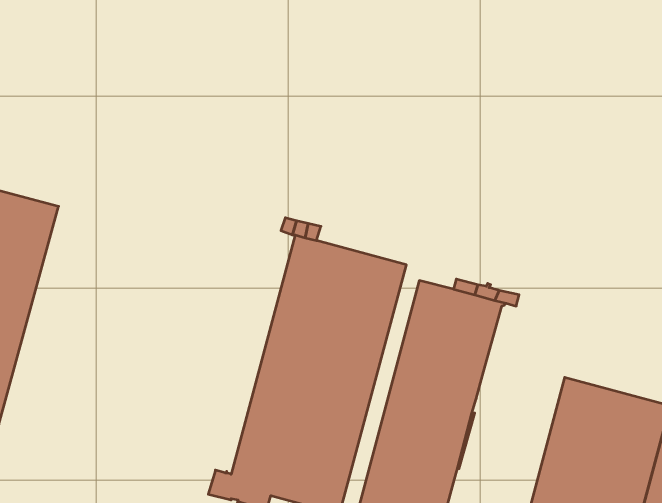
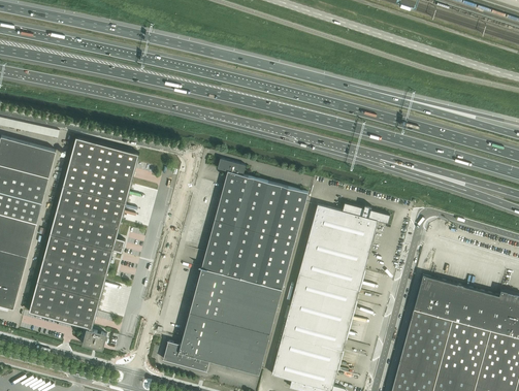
building: none -> [28,139,138,352]

